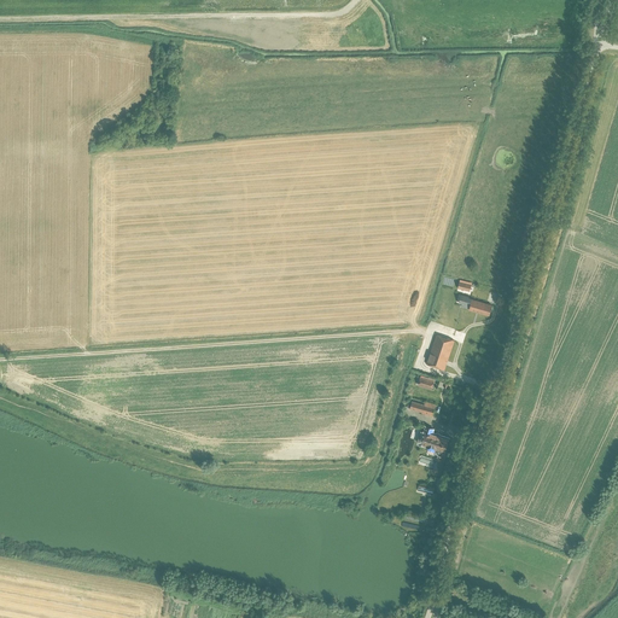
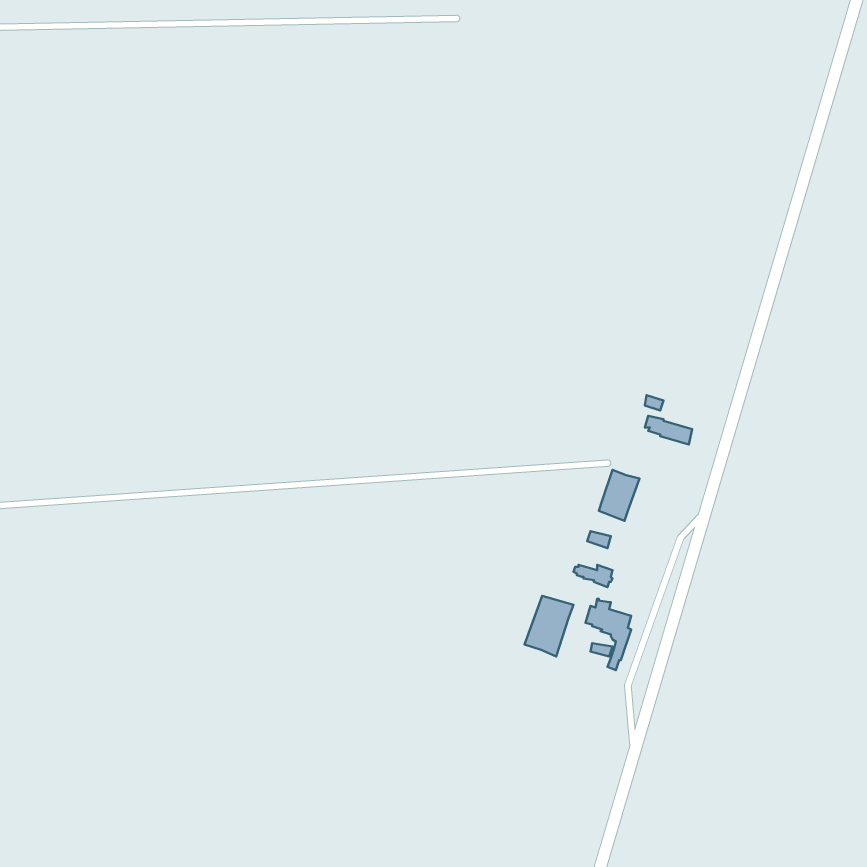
building: none -> [525,596,573,657]

